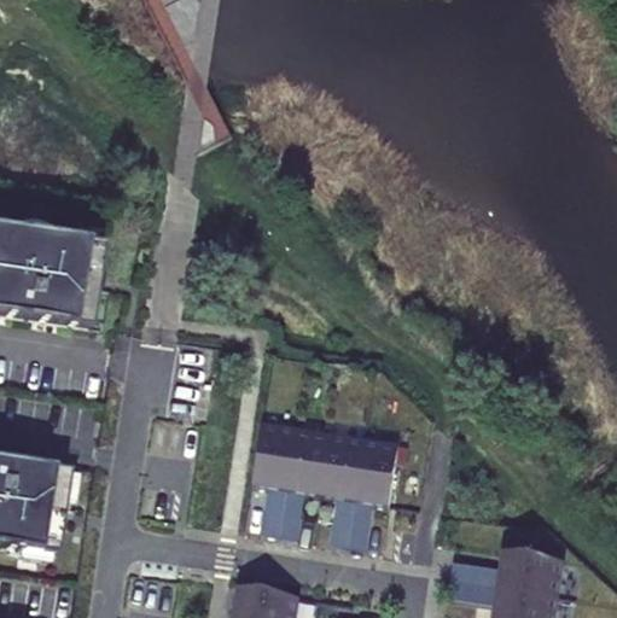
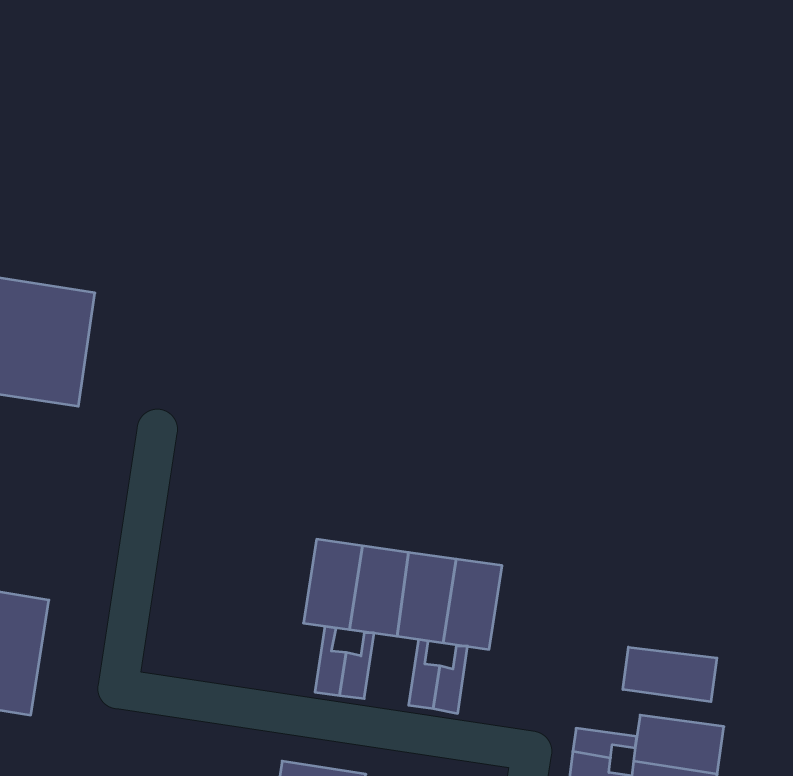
building: none -> [623,647,717,702]

